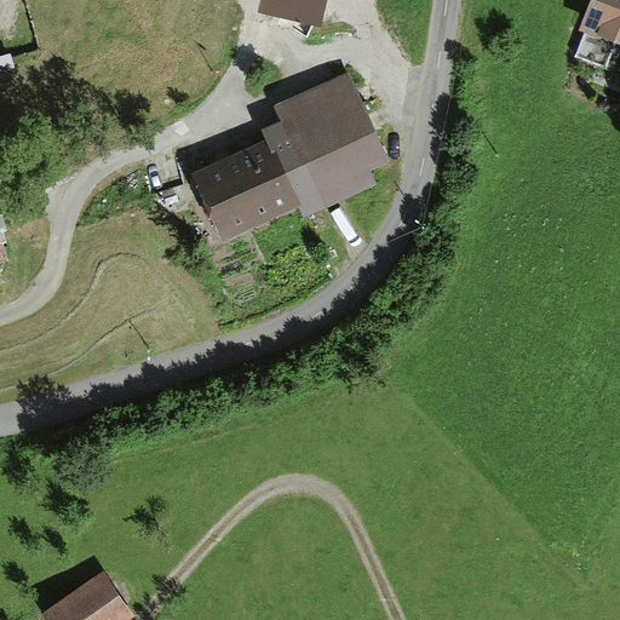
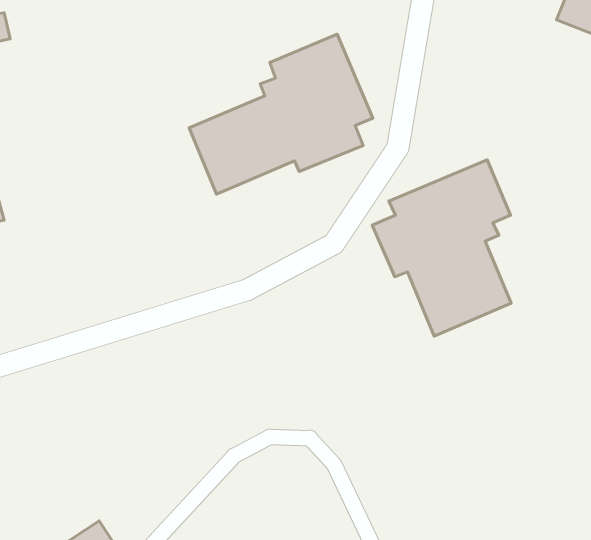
building: none -> [372,160,511,336]

